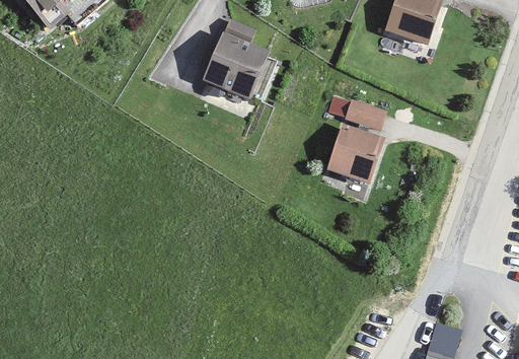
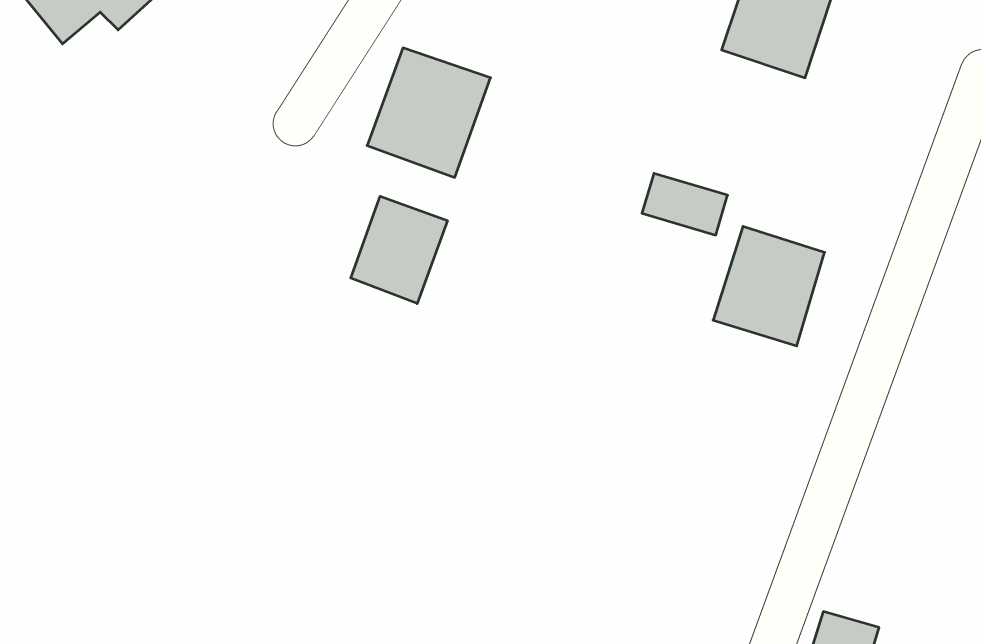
building: none -> [351,196,447,304]
building: [325,124,382,185] -> [713,226,825,346]

